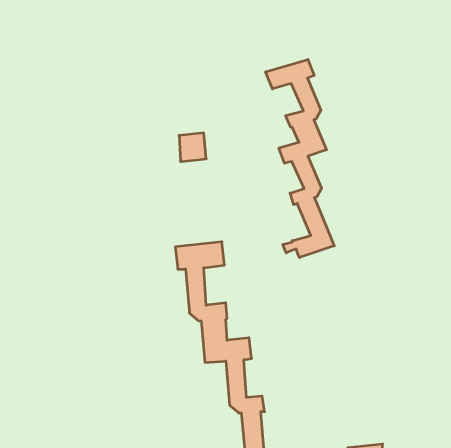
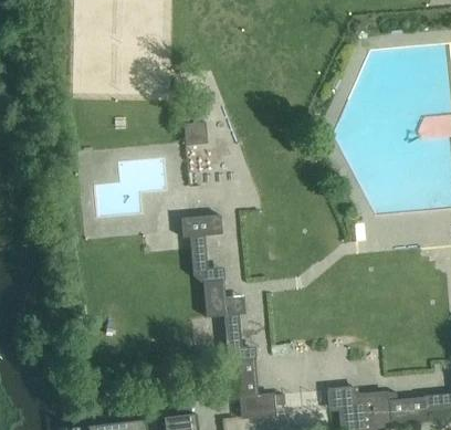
building: [266,59,334,258] -> none

